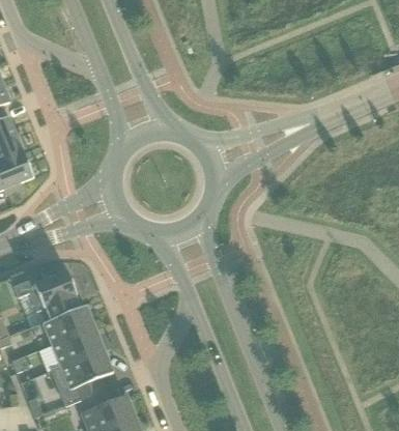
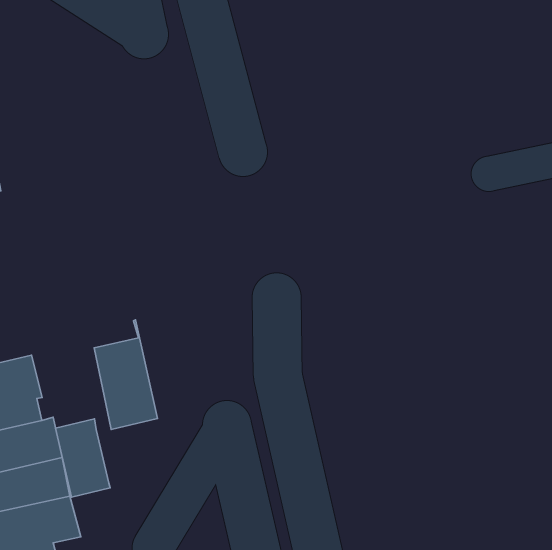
building: none -> [94,320,157,430]
building: none -> [55,419,110,497]

